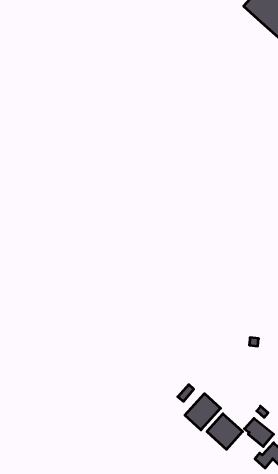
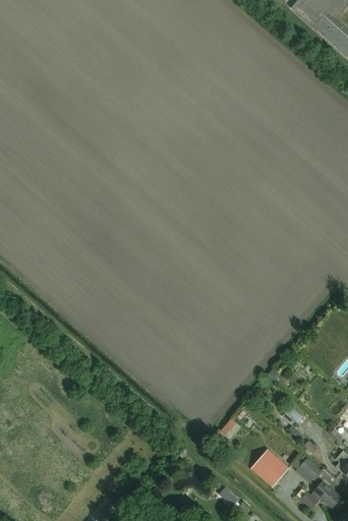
building: [185,394,221,430] -> none

